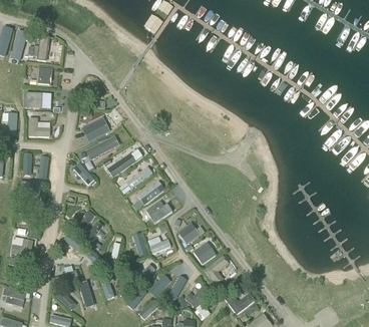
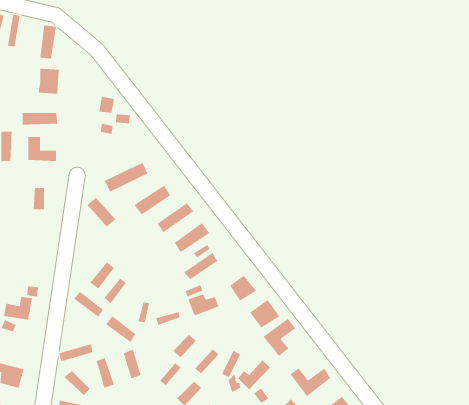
building: [82,116,110,141] -> none

